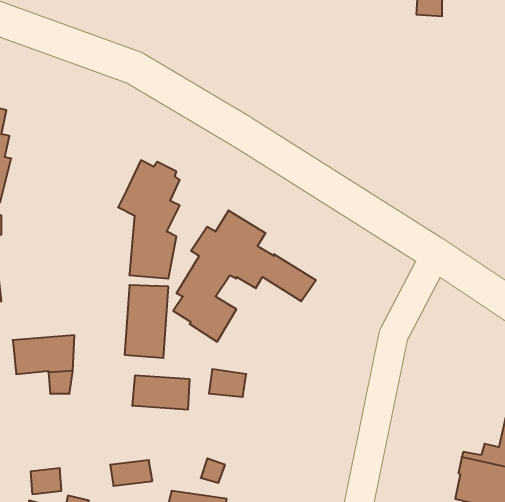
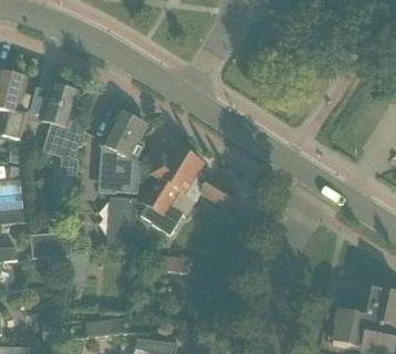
building: none -> [39,83,85,185]
building: [132,375,189,410] -> none

